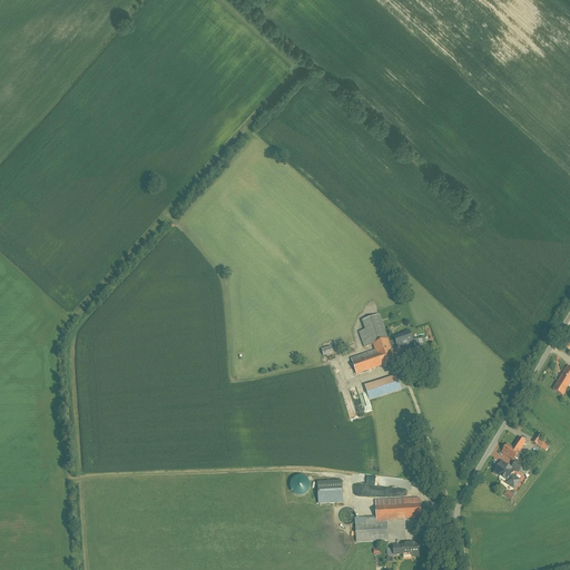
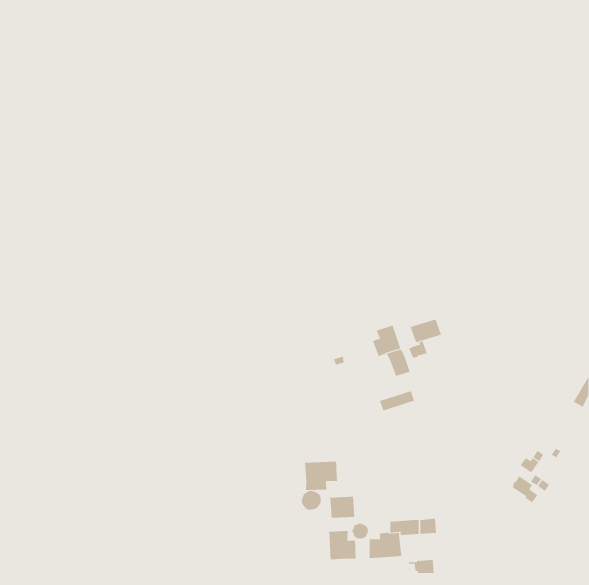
building: [351,348,382,372] -> [410,319,442,343]
building: none -> [304,461,338,491]
building: none -> [329,530,356,560]

